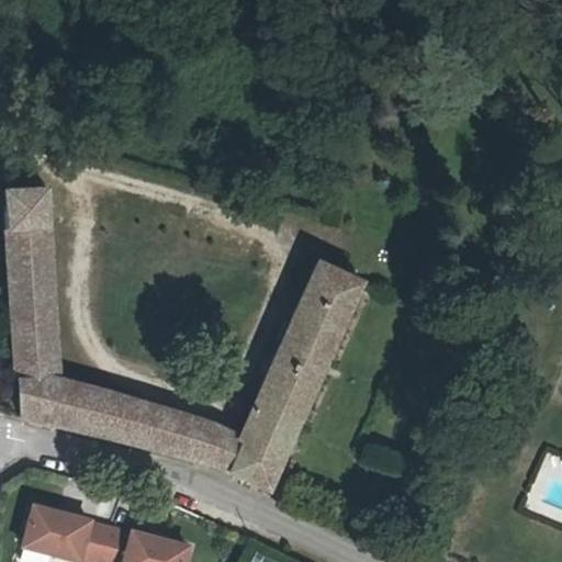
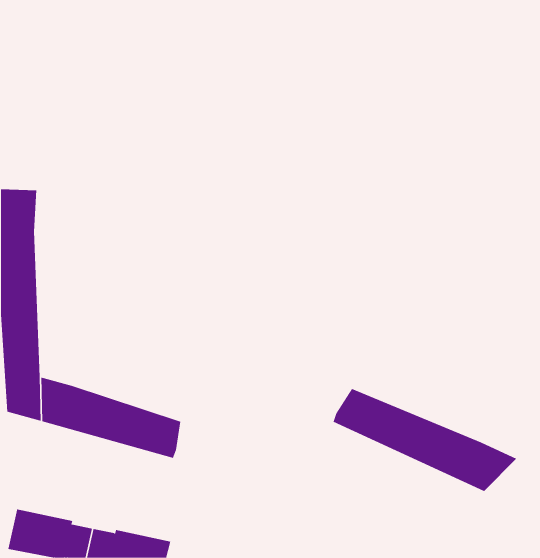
building: [195,263,361,484] -> none
building: none -> [333,388,517,492]

